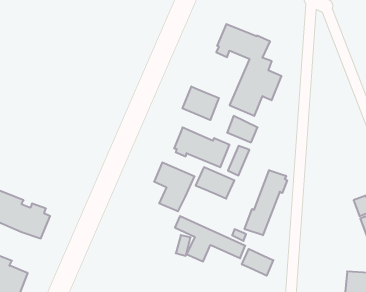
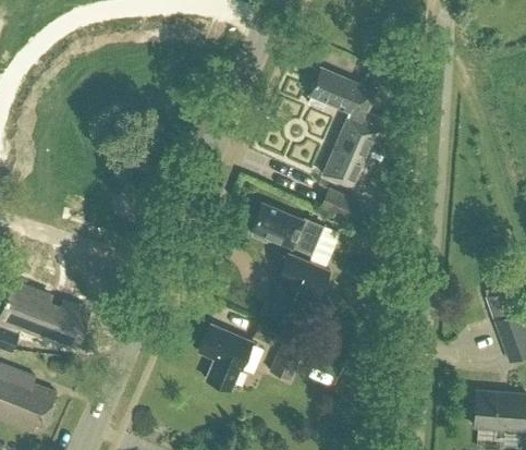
building: [183,86,219,120] -> none
building: [154,162,195,211] -> [198,325,252,389]
building: [245,170,287,235] -> none
building: [242,249,273,276] -> none

